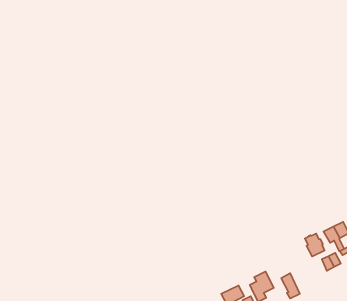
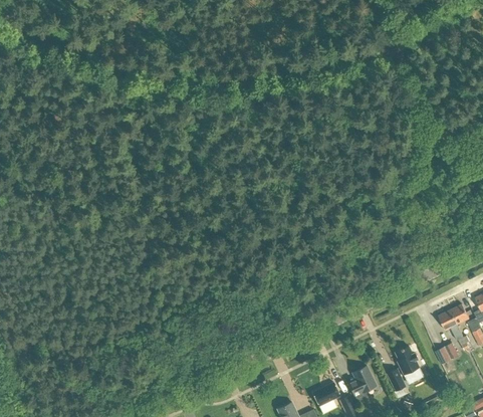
building: [305,233,325,256] -> [395,346,419,374]

